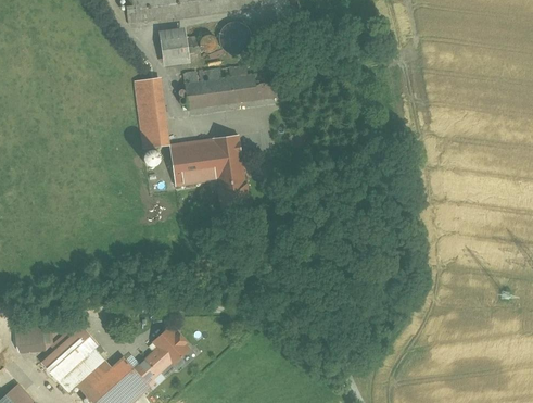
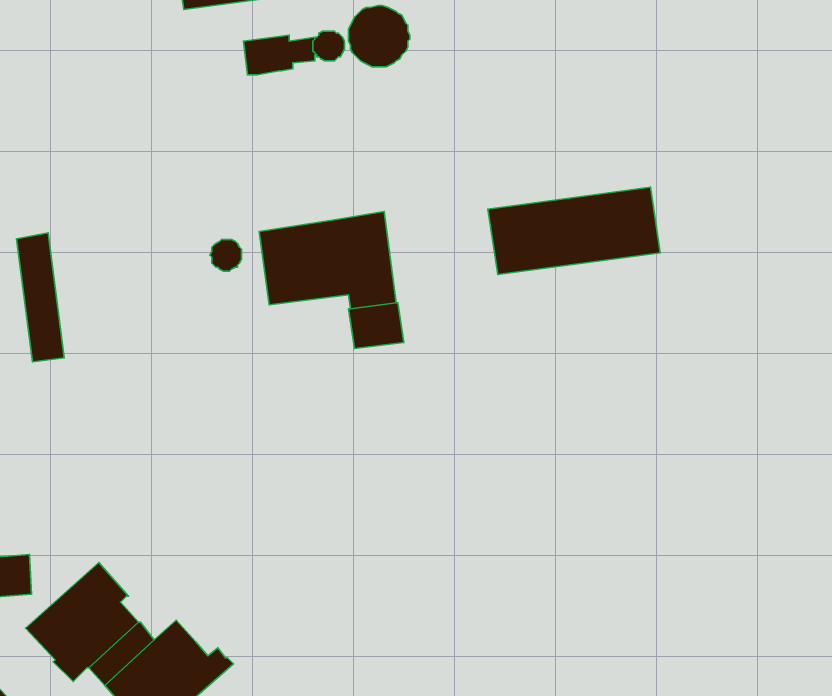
building: [183,62,278,110] -> [488,187,660,275]
building: [136,78,162,149] -> [17,233,64,362]
building: [136,328,190,379] -> none

